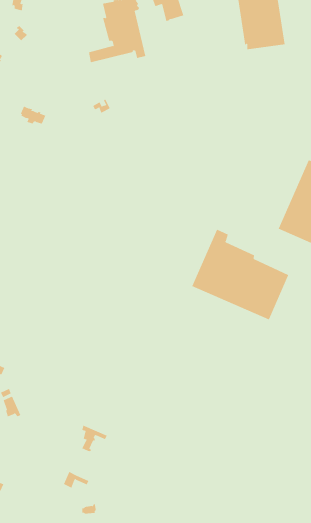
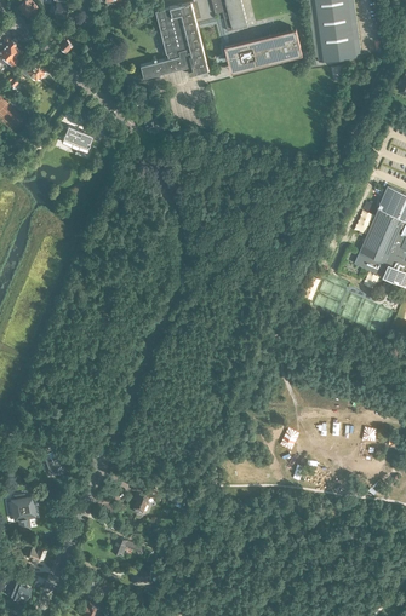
building: none -> [225,30,303,74]
building: [192,229,290,320] -> none

